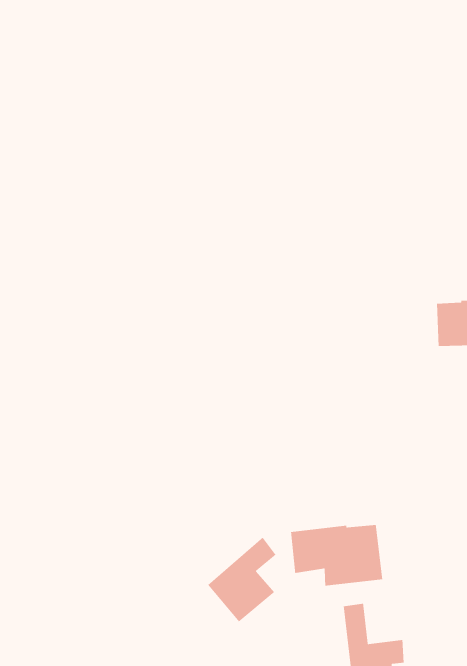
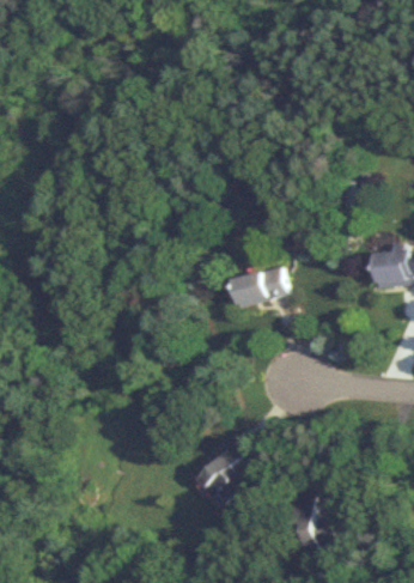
building: none -> [227,267,281,306]
building: [290,524,383,587] -> none

